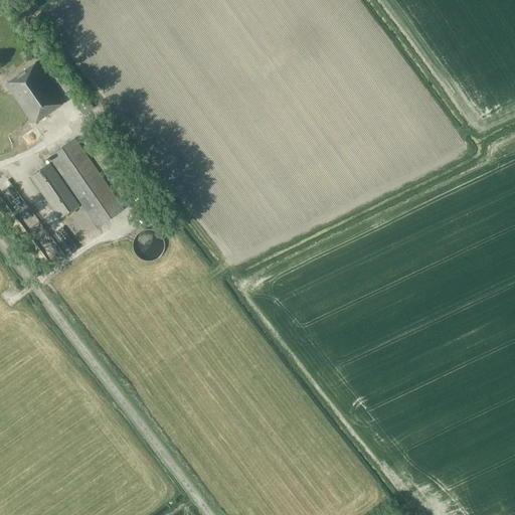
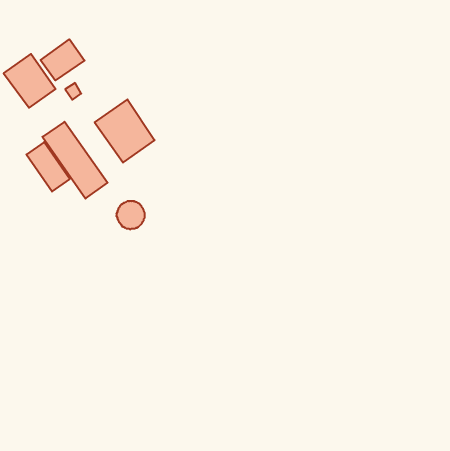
building: none -> [41,39,85,80]
building: none -> [95,99,155,163]

